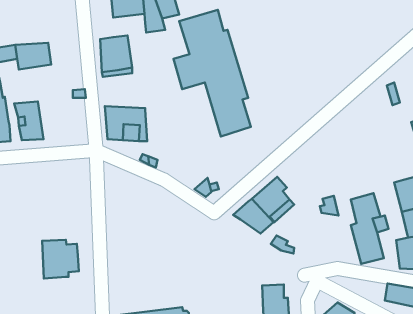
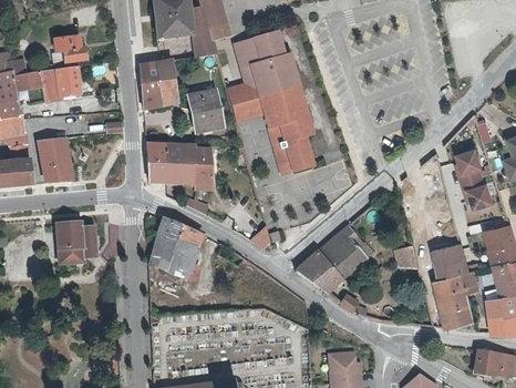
building: none -> [51,35,86,64]
building: none -> [186,89,225,132]
building: none -> [193,146,211,184]
building: none -> [456,150,493,210]
building: none -> [147,215,205,278]
building: [42,240,79,279] -> [54,219,97,265]

